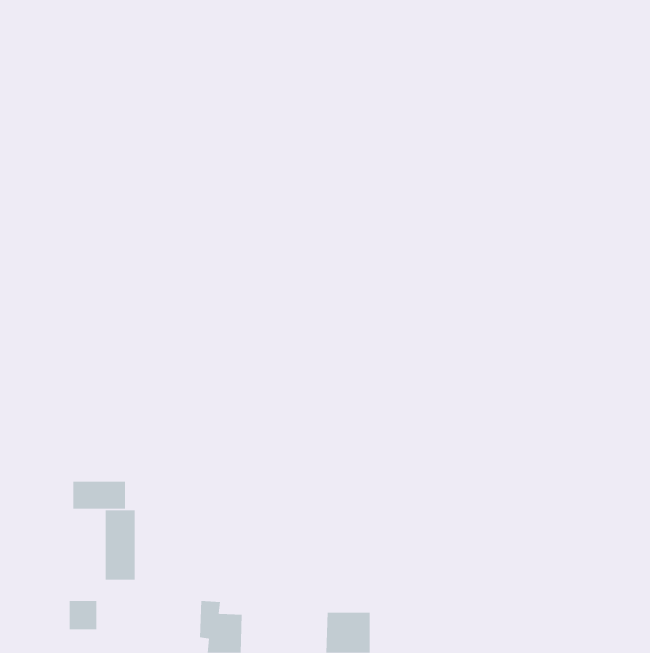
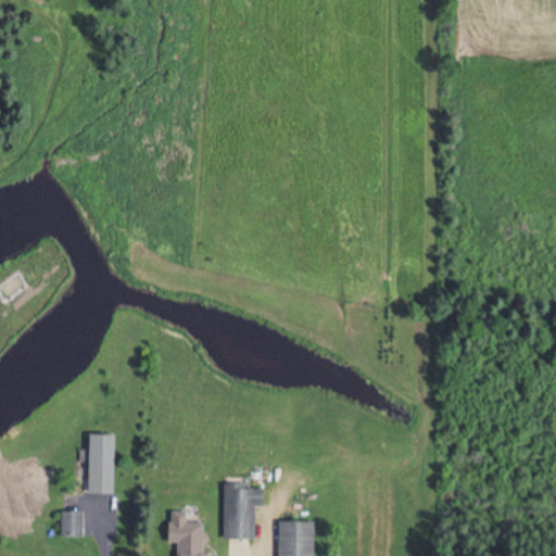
building: [73,481,126,509] -> none
building: none -> [223,483,264,538]

